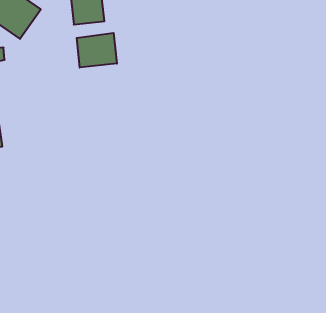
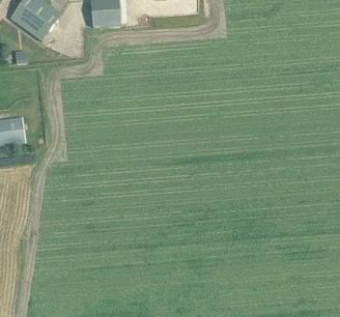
building: [77,33,117,68] -> none

